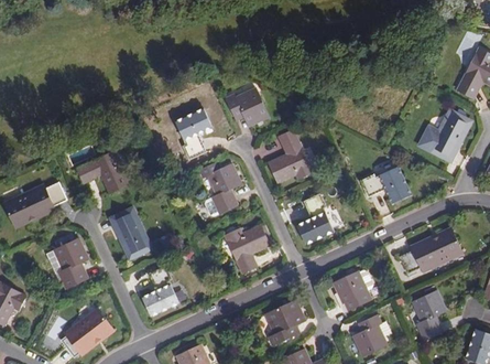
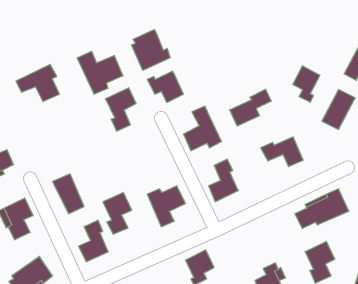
building: none -> [131,30,170,70]
building: none -> [77,51,123,94]
building: none -> [293,66,320,102]
building: none -> [230,89,271,126]
building: [77,148,129,192] -> [16,64,60,102]
building: [207,162,241,212] -> [103,192,132,234]
building: [333,271,368,313] -> none

